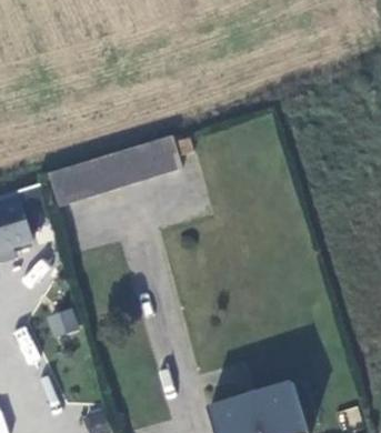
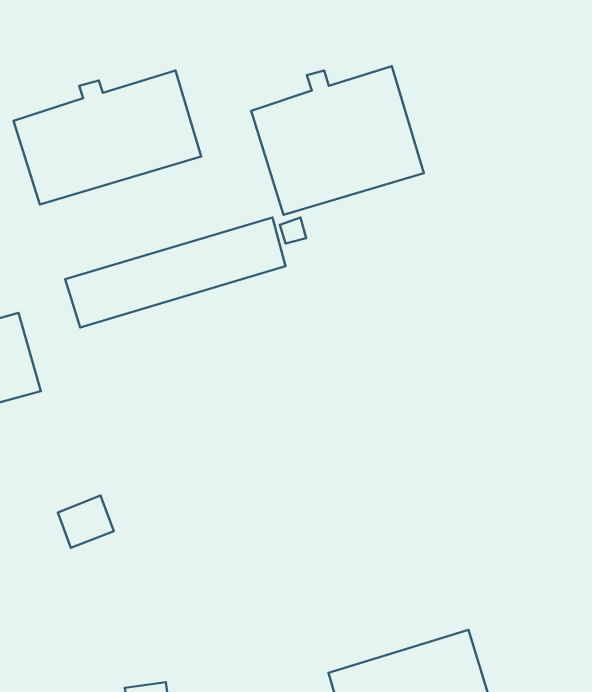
building: none -> [251,66,424,215]
building: none -> [13,70,201,205]

